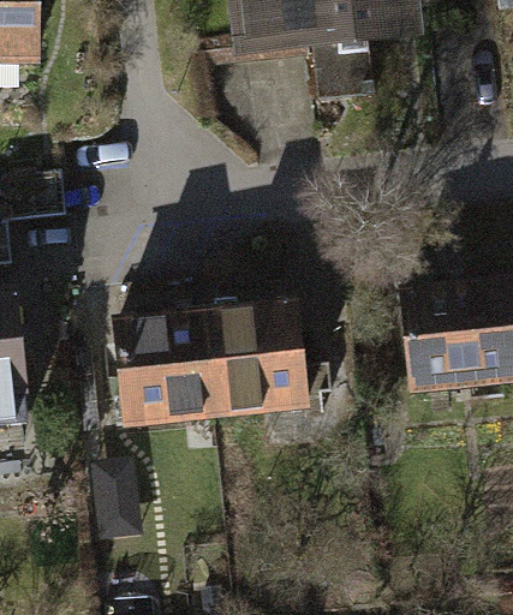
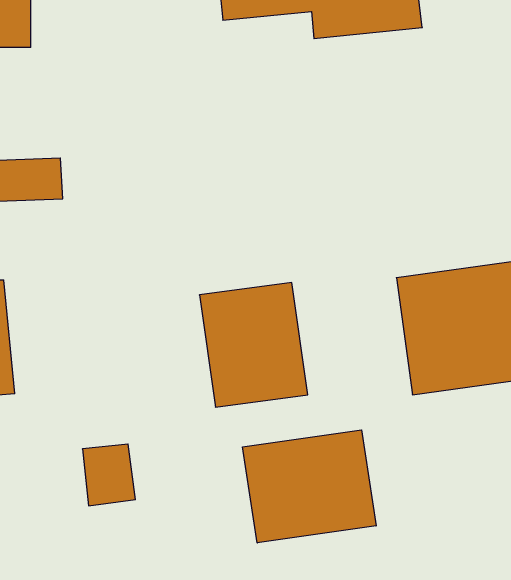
building: [111,308,216,429] -> none
building: none -> [243,430,376,543]

